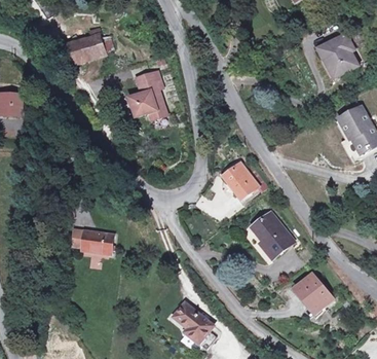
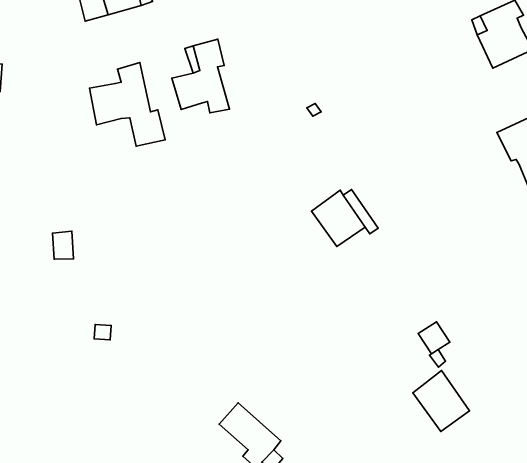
building: none -> [89,62,165,146]
building: [252,212,294,259] -> none
building: [72,229,112,253] -> none

